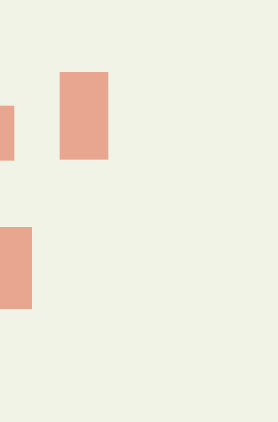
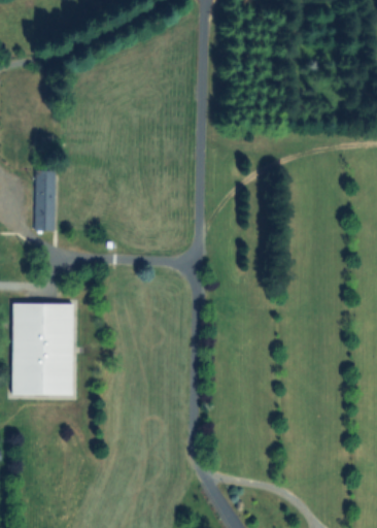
building: [59,71,109,160] -> none

